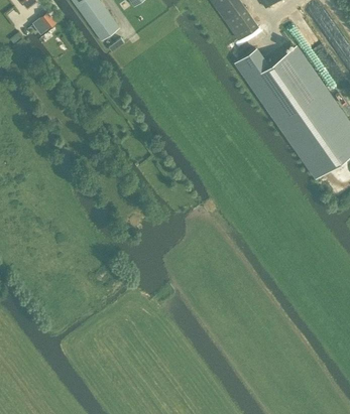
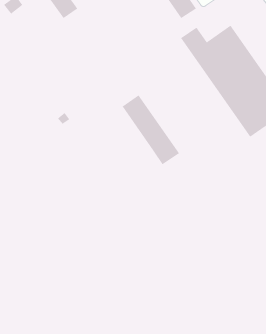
building: none -> [122,94,180,165]

